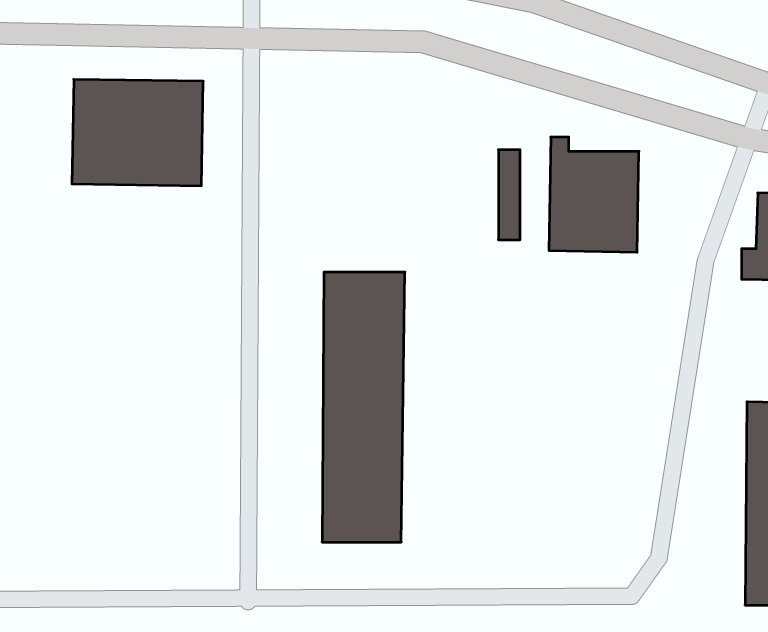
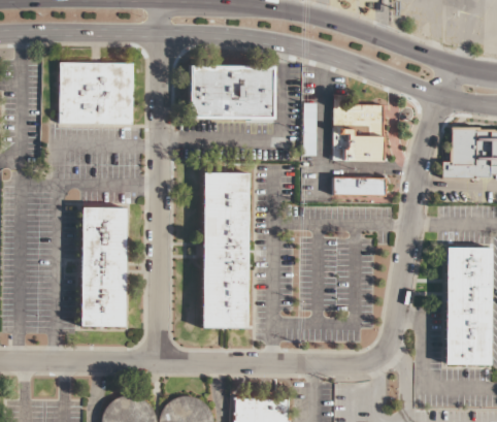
building: none -> [192,67,275,118]
building: none -> [333,176,387,197]
building: none -> [81,208,127,327]

